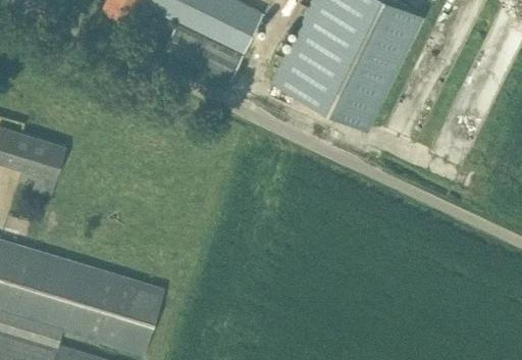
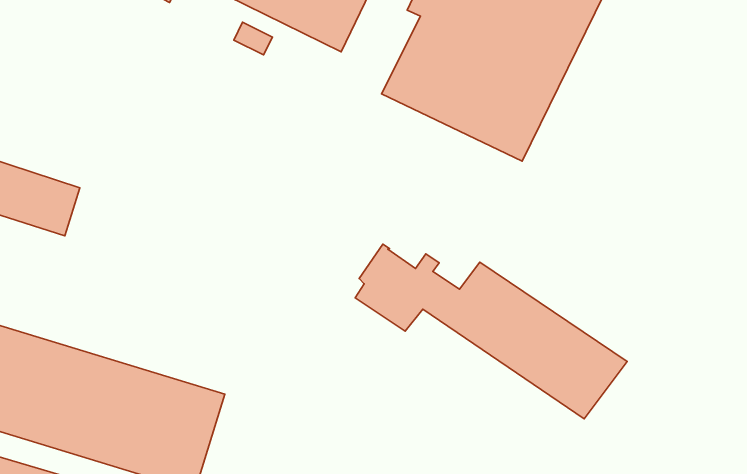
building: [191,37,243,82] -> none
building: none -> [355,244,627,419]

